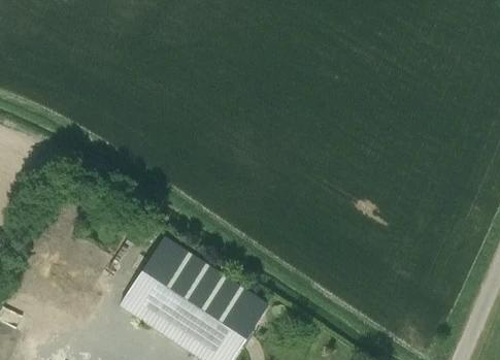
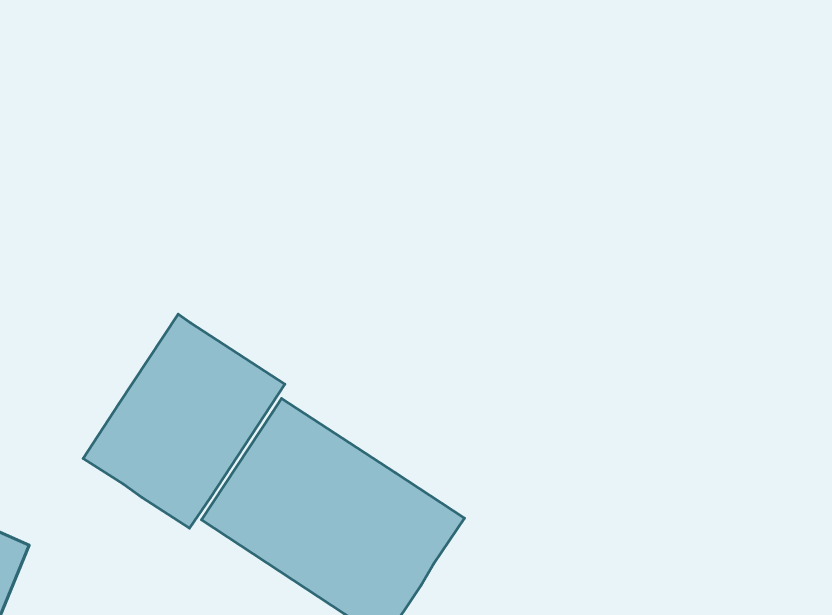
building: none -> [83,314,285,528]

